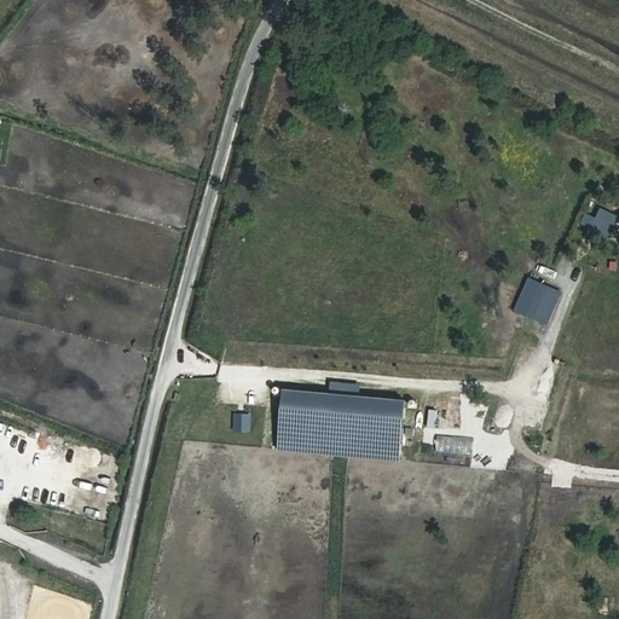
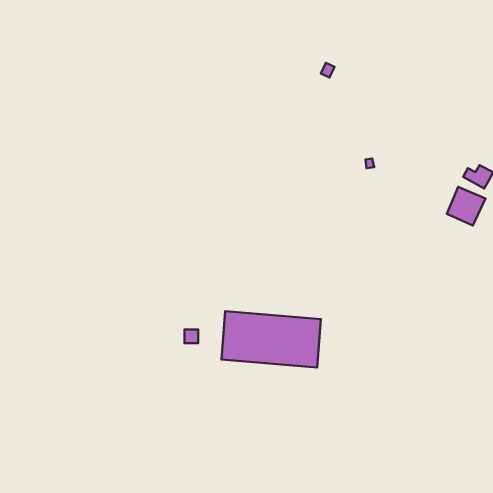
building: [511,276,560,324] -> [447,187,485,226]

